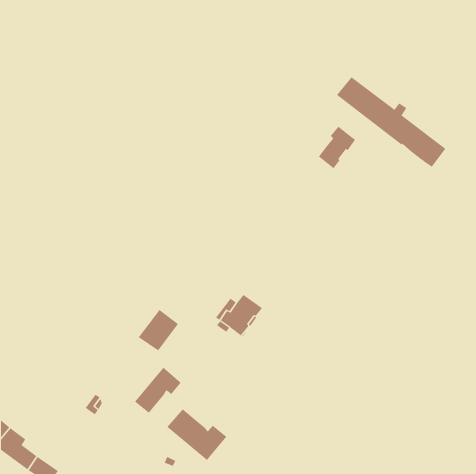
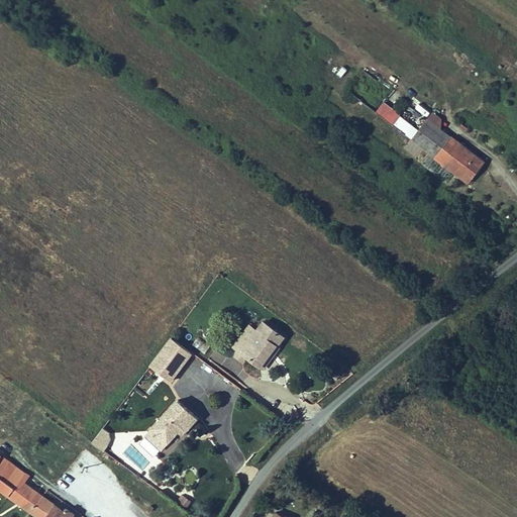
building: [318,126,356,169] -> none
building: [167,408,227,461] -> none

